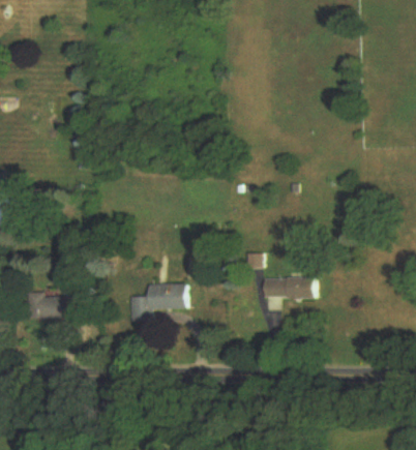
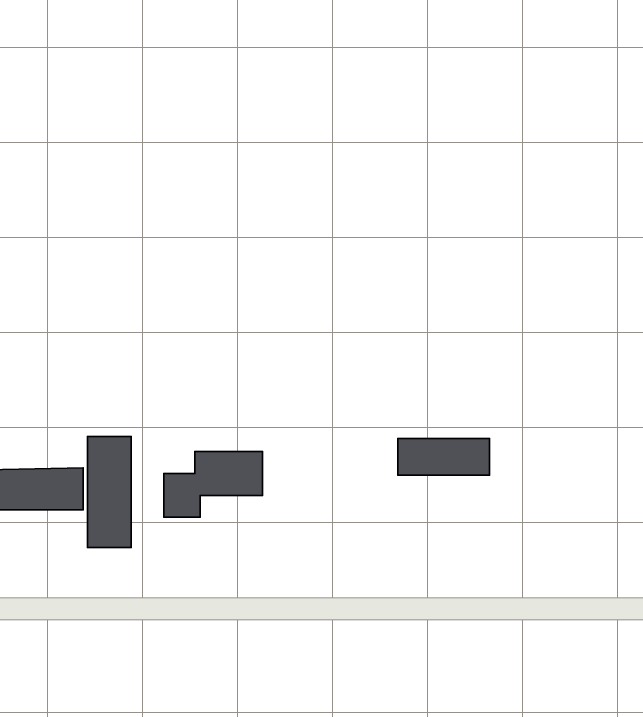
building: none -> [87,437,131,547]

